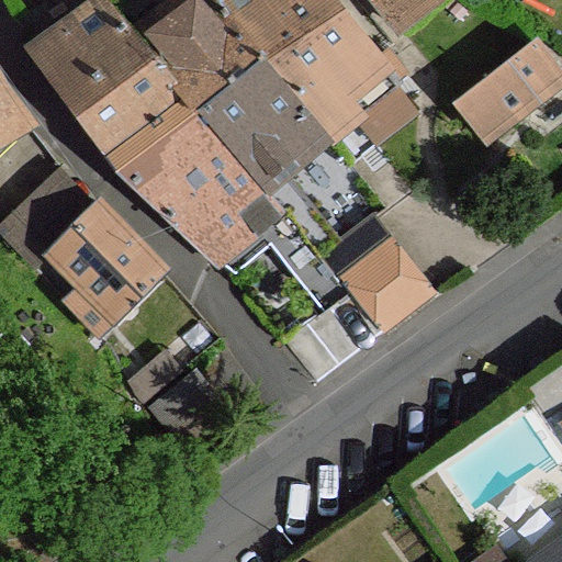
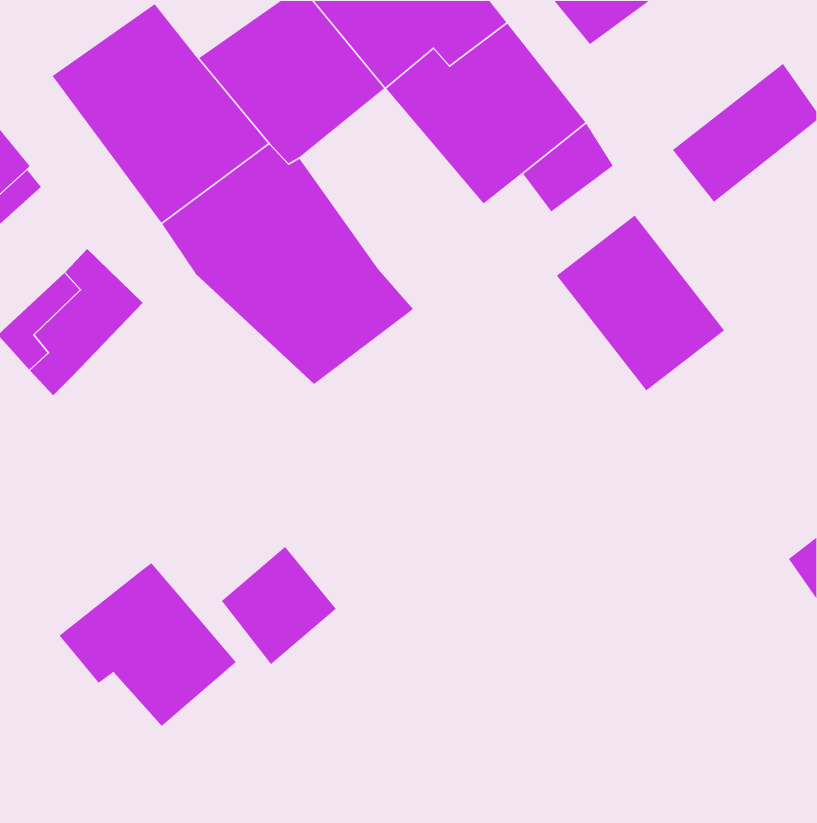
building: [204,60,323,231] -> none
building: [49,206,159,318] -> none
building: [317,213,432,334] -> [556,214,725,392]
building: none -> [59,562,237,727]

